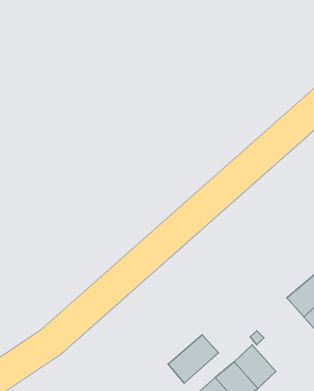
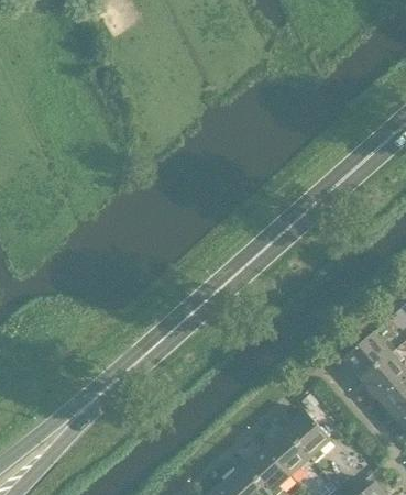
building: [168,335,218,383] -> none

